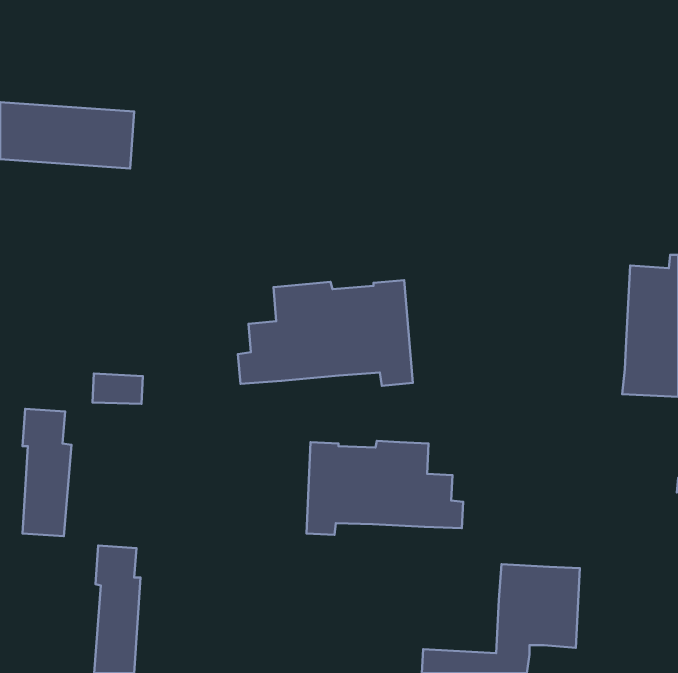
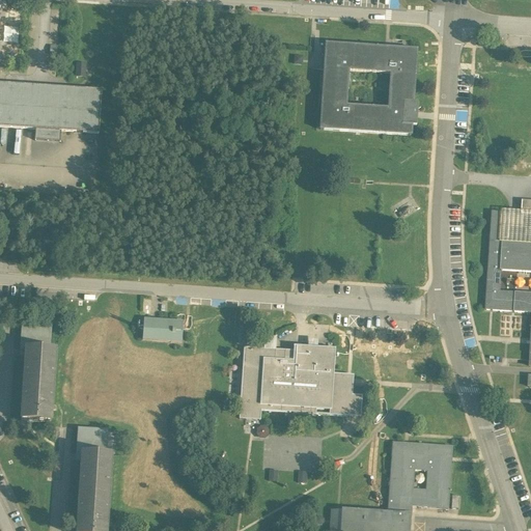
building: none -> [322,40,420,134]
building: [238,280,413,386] -> none
building: [93,373,143,404] -> [144,316,184,340]

